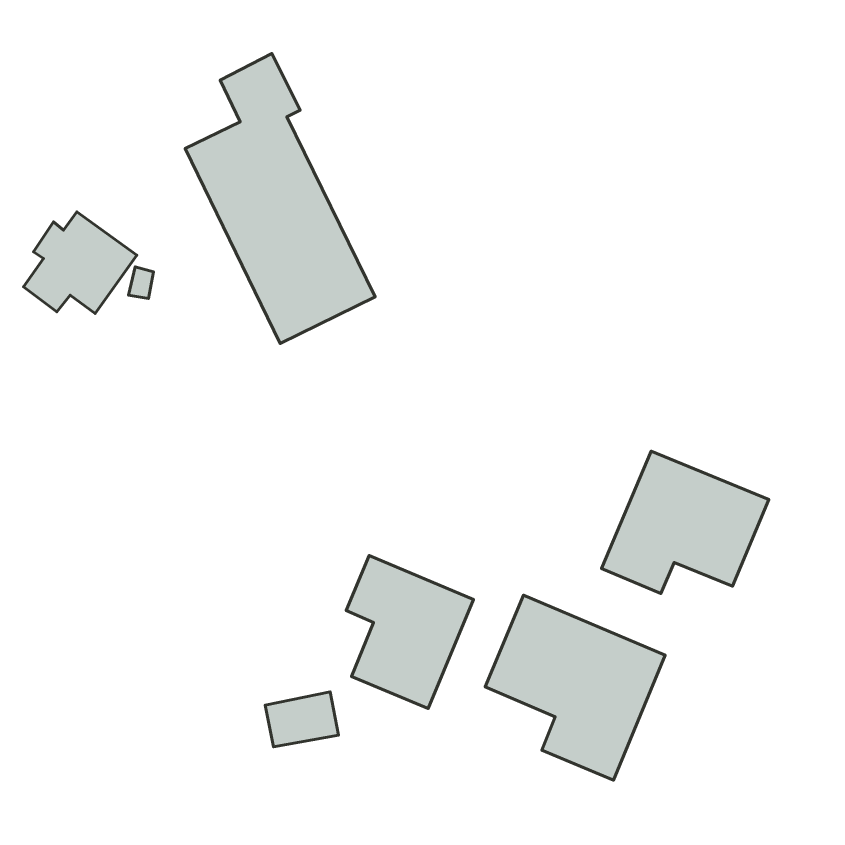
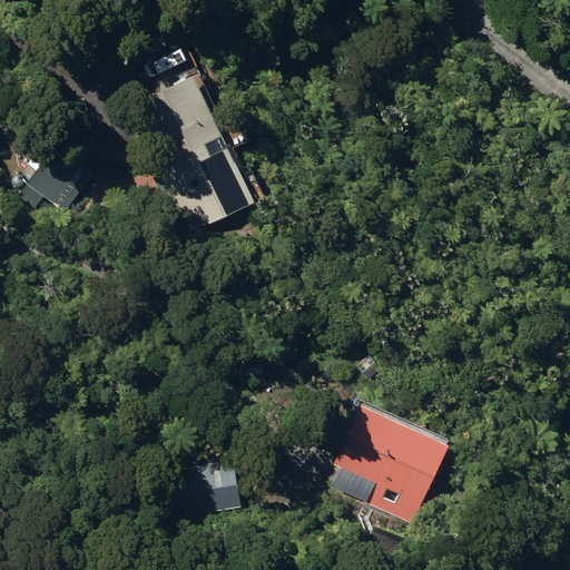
building: [601,451,769,593] -> none
building: [346,555,473,709] -> none

